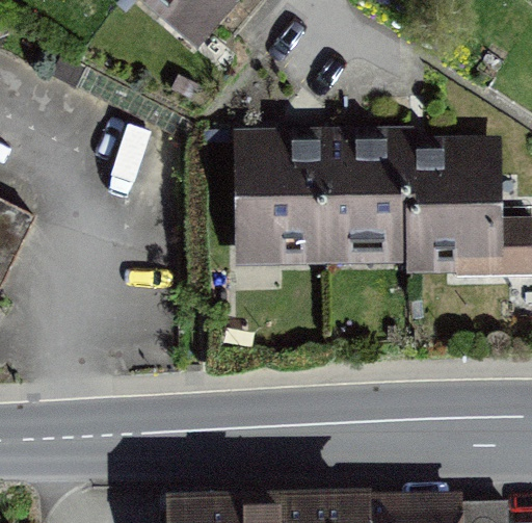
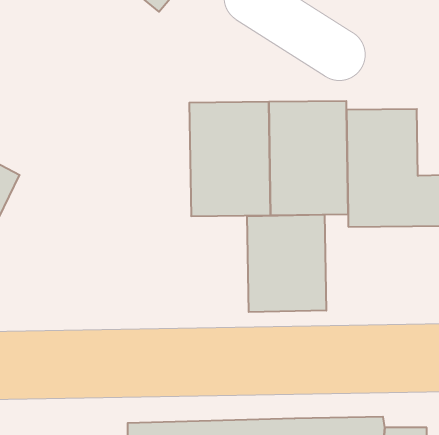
building: none -> [247,215,326,312]

